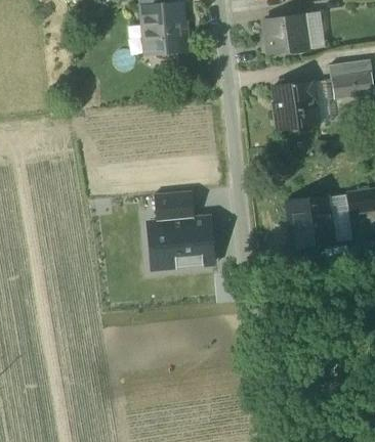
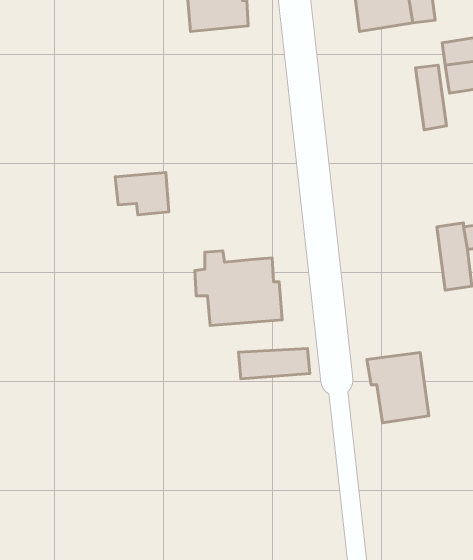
building: [273,81,316,131] -> none
building: [154,191,193,222] -> [115,173,169,215]
building: [286,196,331,248] -> [367,353,429,423]
building: none -> [238,348,310,379]

